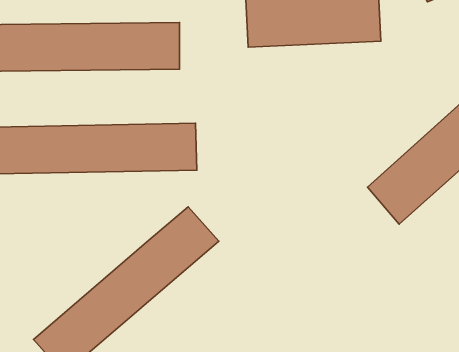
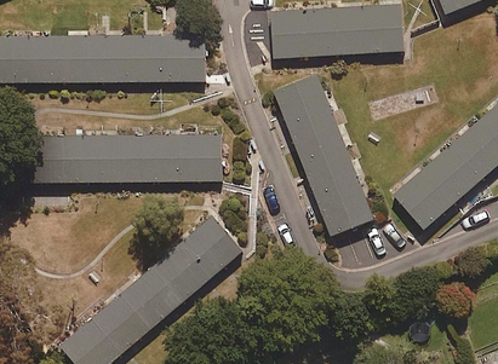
building: none -> [271,73,372,237]

